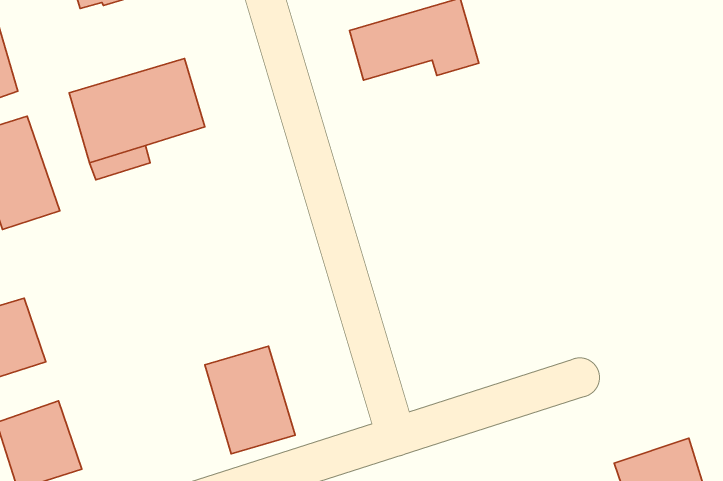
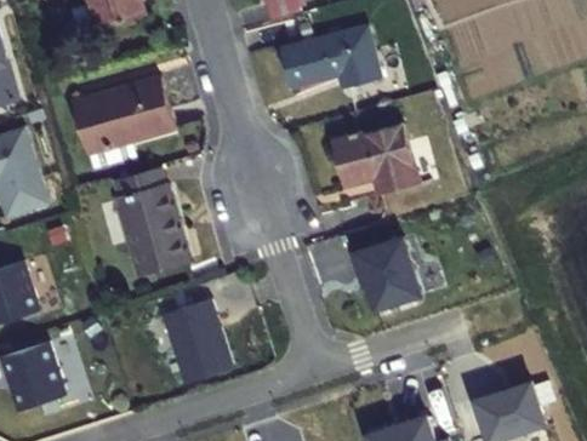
building: none -> [326,121,415,199]
building: none -> [107,167,182,273]
building: none -> [354,235,423,308]

